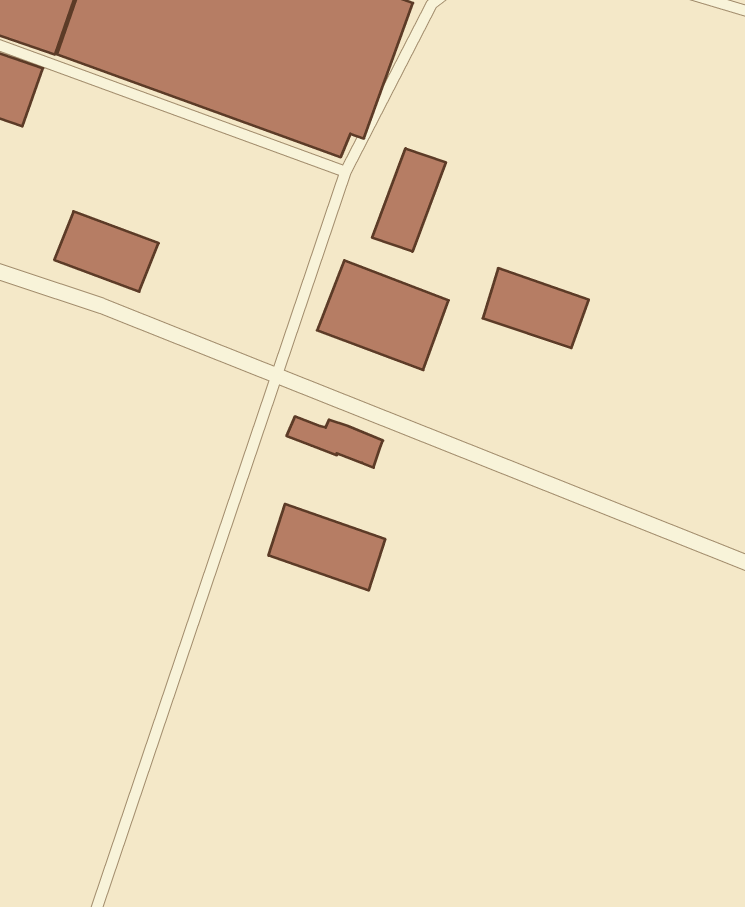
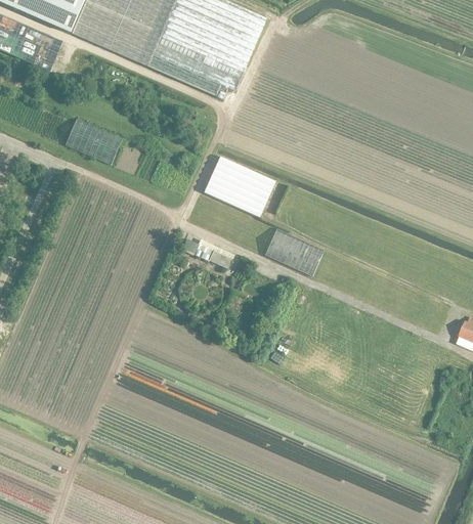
building: [372,148,446,252] -> none
building: [483,268,589,348] -> [264,226,322,272]
building: [269,504,385,590] -> none

